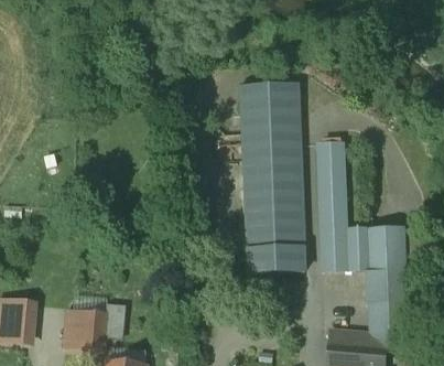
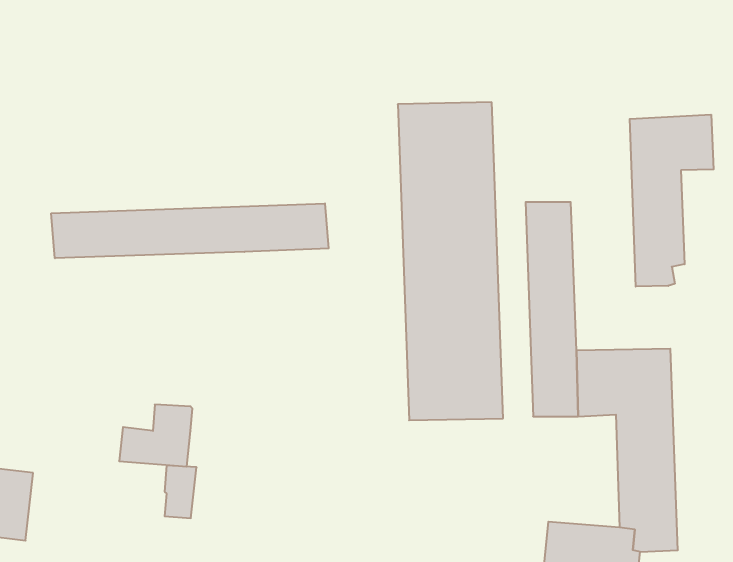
building: none -> [630,115,714,287]
building: none -> [51,203,329,258]
building: [64,311,107,347] -> [119,405,192,467]

